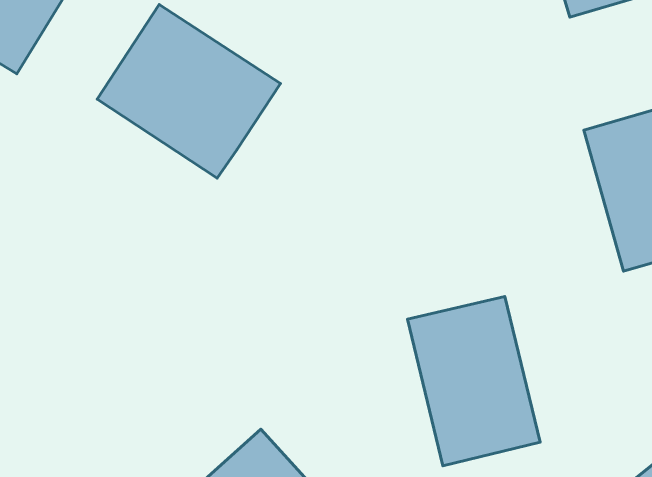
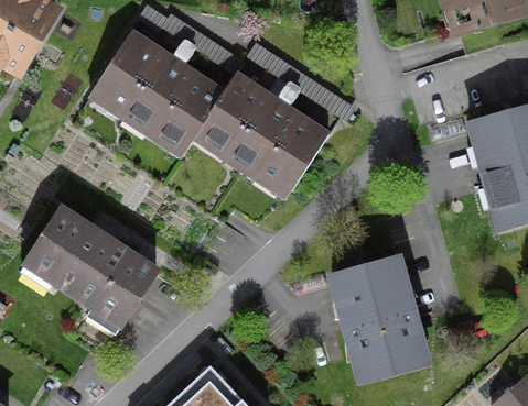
building: none -> [193,72,327,197]
building: none -> [19,205,157,331]

